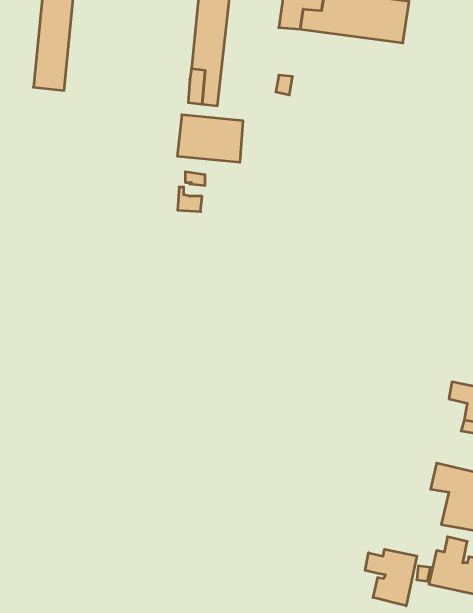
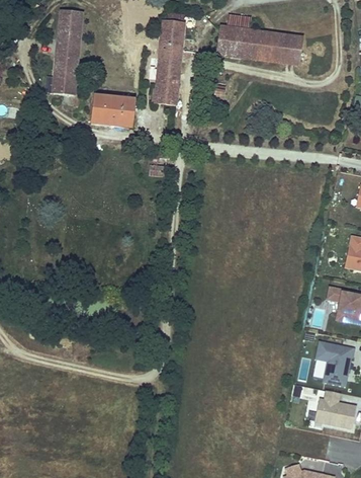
building: [177,115,243,162] -> [91,96,134,128]
building: [365,549,417,606] -> none

